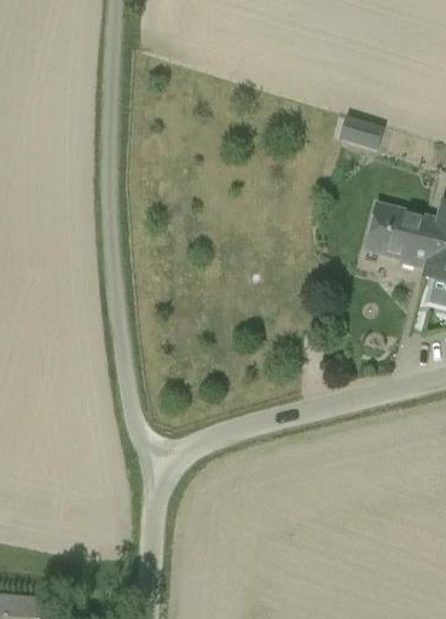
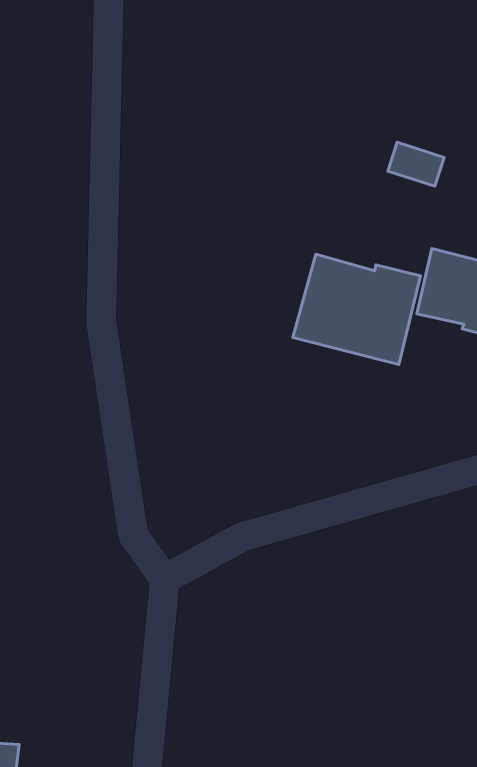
building: none -> [293,254,420,364]

